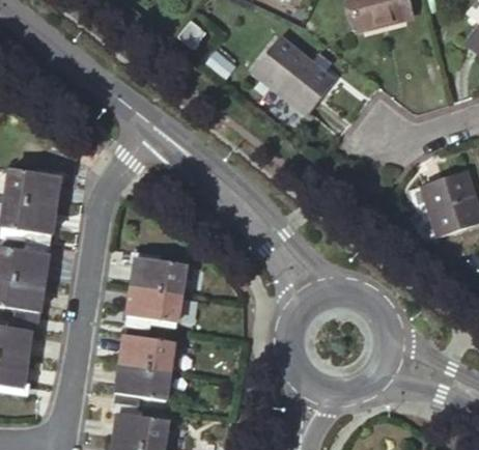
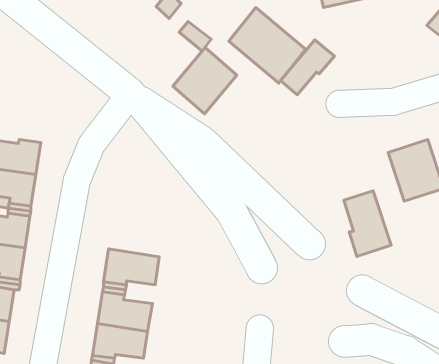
building: none -> [281,40,334,95]
building: none -> [173,47,237,114]
building: none -> [344,191,391,256]
building: [130,253,187,294] -> none

